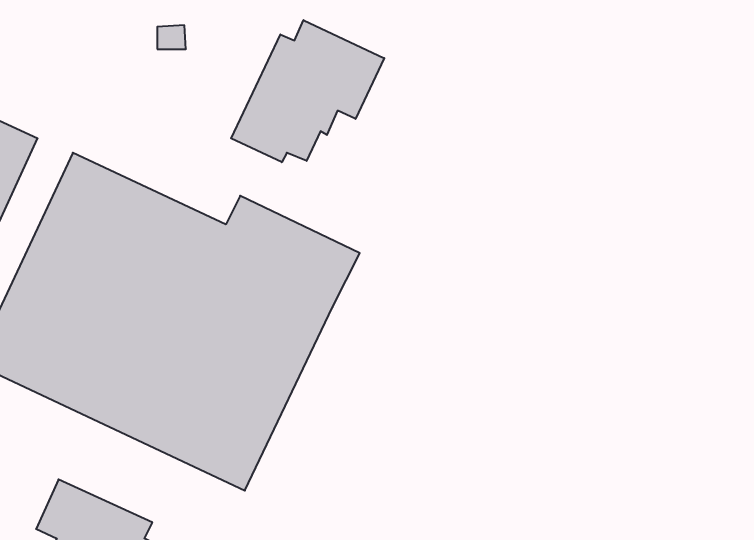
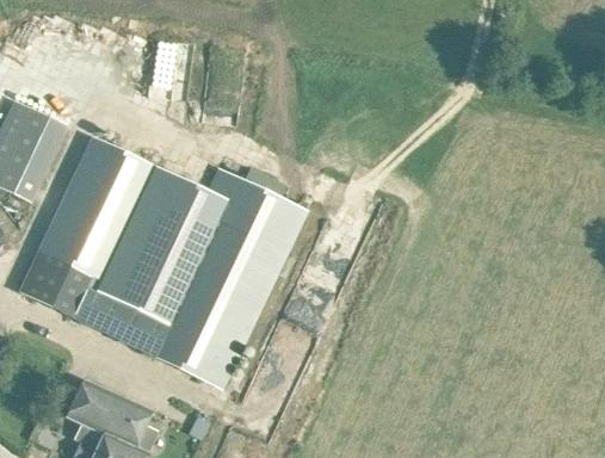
building: [231,20,384,162] -> none

